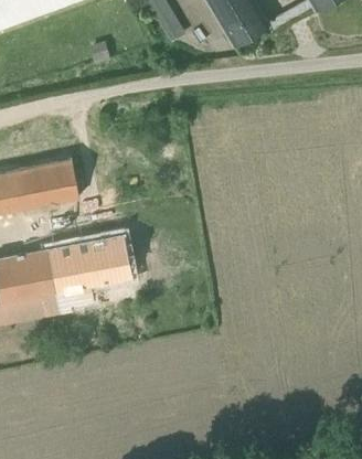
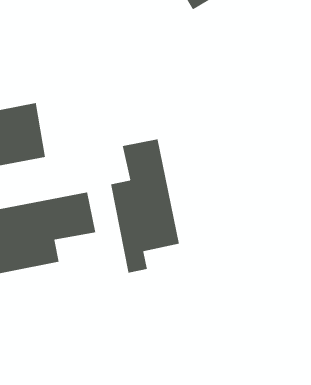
building: none -> [111,139,179,273]

